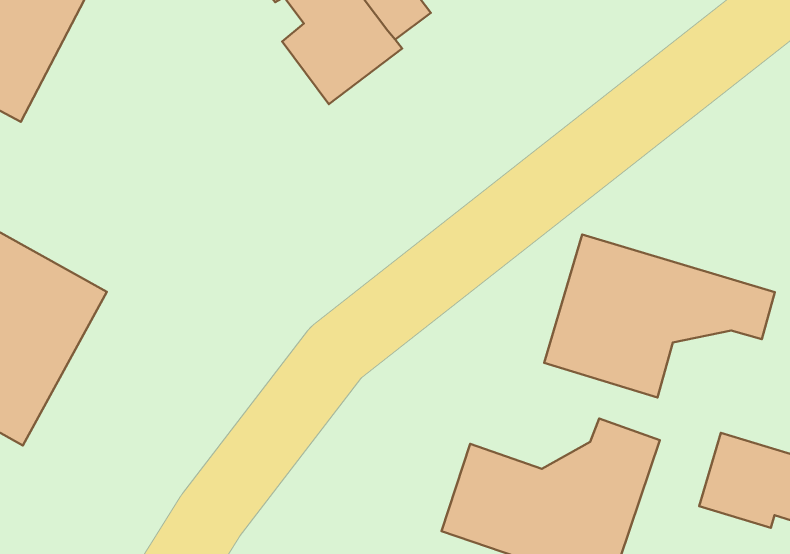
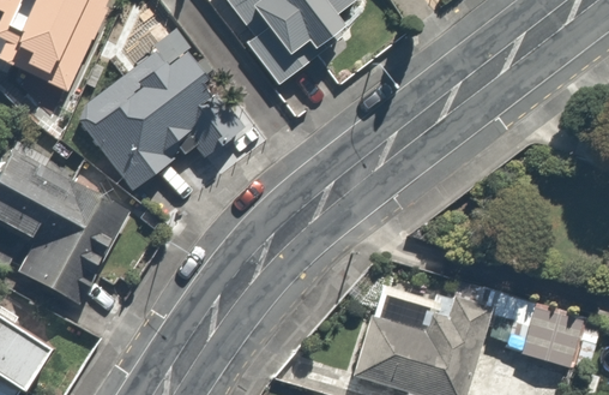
building: none -> [79,43,241,185]
building: [544,234,775,397] -> none

